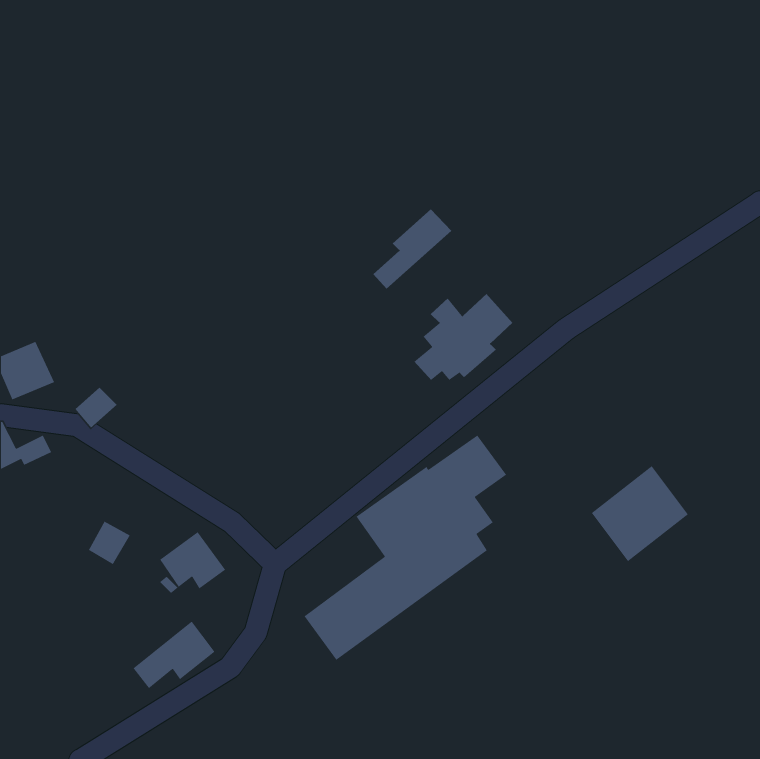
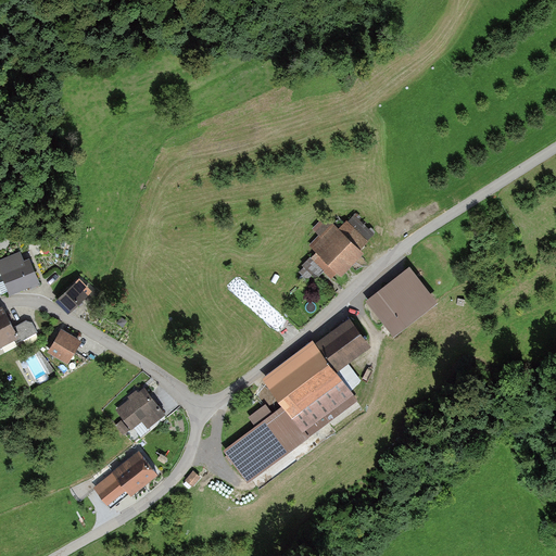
building: [372,208,452,290] -> none
building: [591,465,689,562] -> [366,266,438,337]
building: [88,520,131,565] -> [49,330,80,363]

